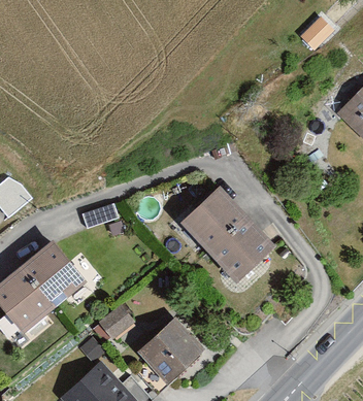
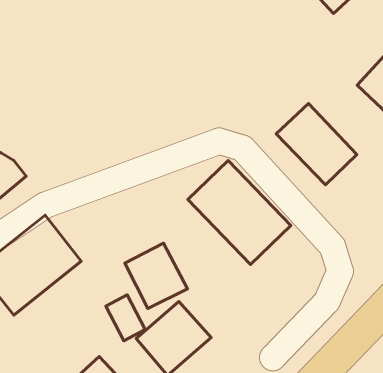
building: none -> [276,104,357,185]
building: none -> [125,243,187,308]

